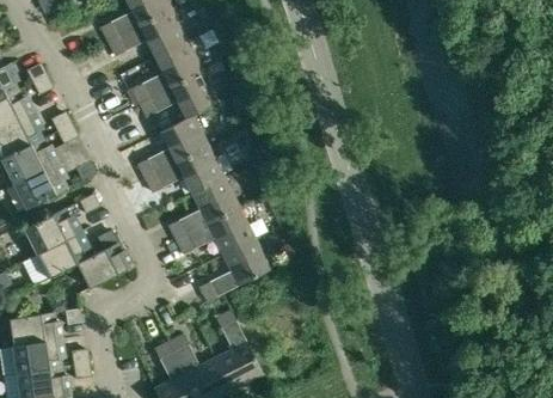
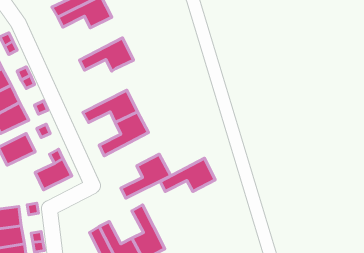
building: [131,41,202,103] -> none
building: [137,115,208,178] -> none
building: [176,207,254,255] -> [160,158,215,191]
building: [36,234,88,278] -> none

